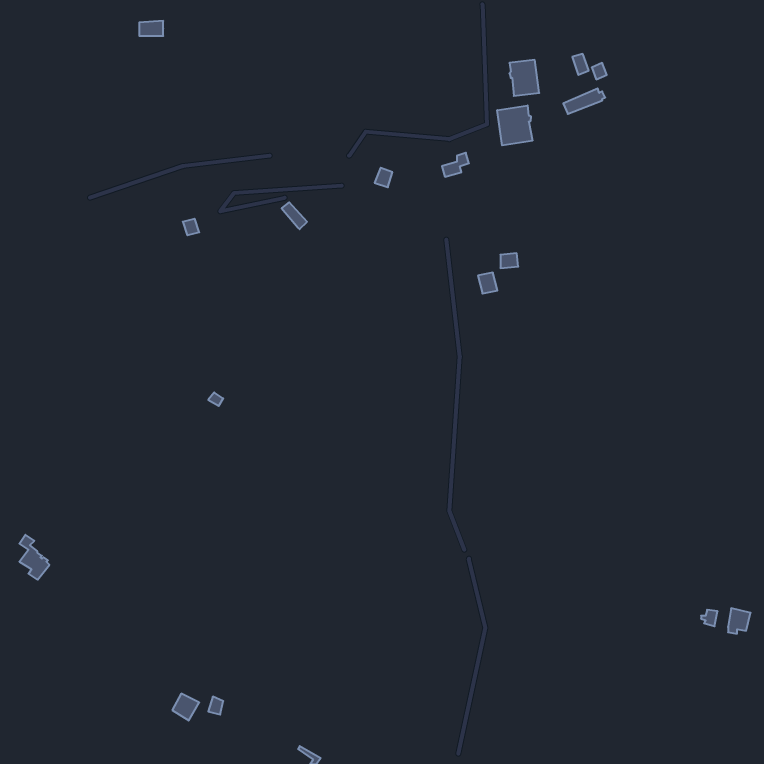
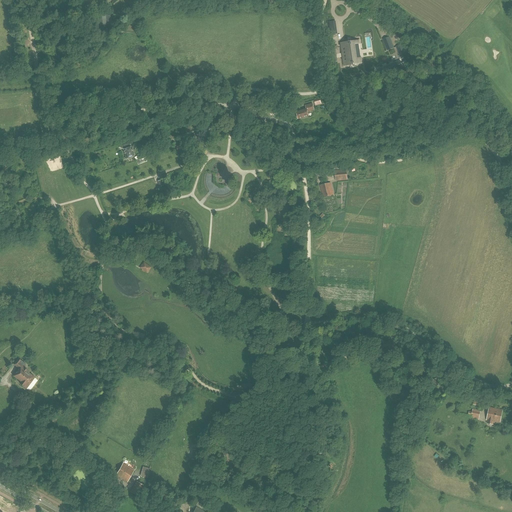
building: [497,105,532,145] -> none

